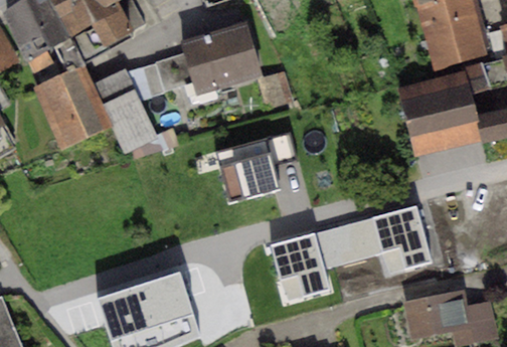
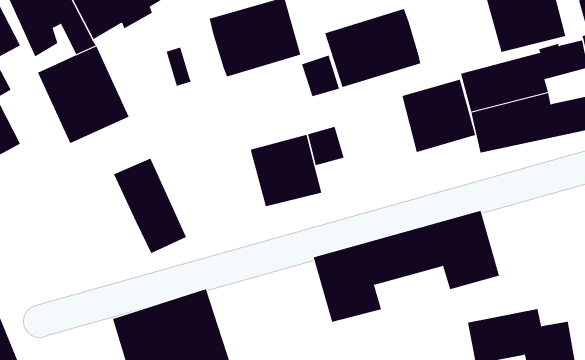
building: none -> [324,8,421,88]
building: [156,53,193,92] -> none
building: [94,69,157,152] -> [113,158,187,254]
building: none -> [402,79,476,153]

